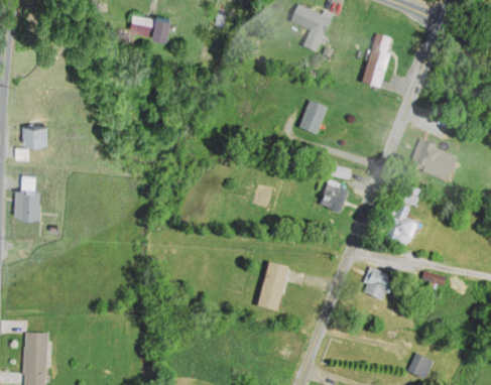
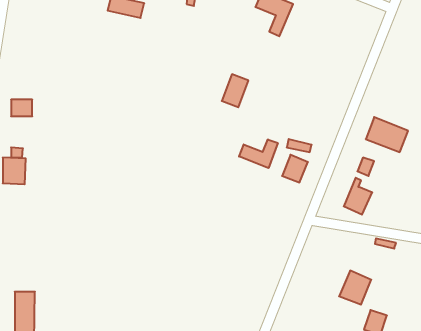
building: [362,32,392,88] -> none
building: [297,100,327,136] -> [222,74,248,107]
building: none -> [239,139,278,168]
building: [258,262,291,314] -> none
building: [362,266,397,303] -> [339,271,371,305]

